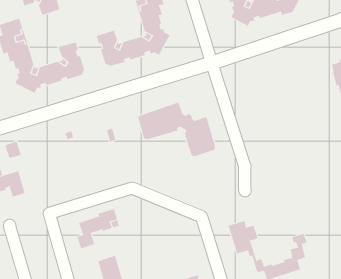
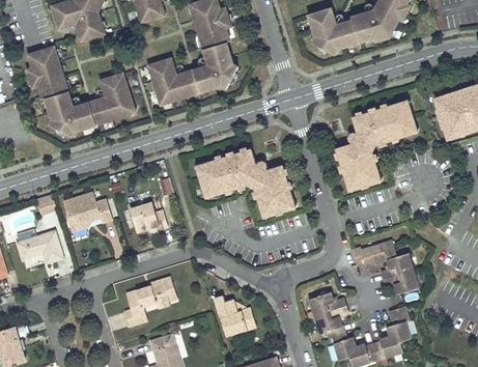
building: none -> [336,100,414,188]
building: none -> [62,192,111,232]
building: none -> [130,203,167,232]
building: none -> [350,242,418,293]
building: none -> [214,295,256,337]

